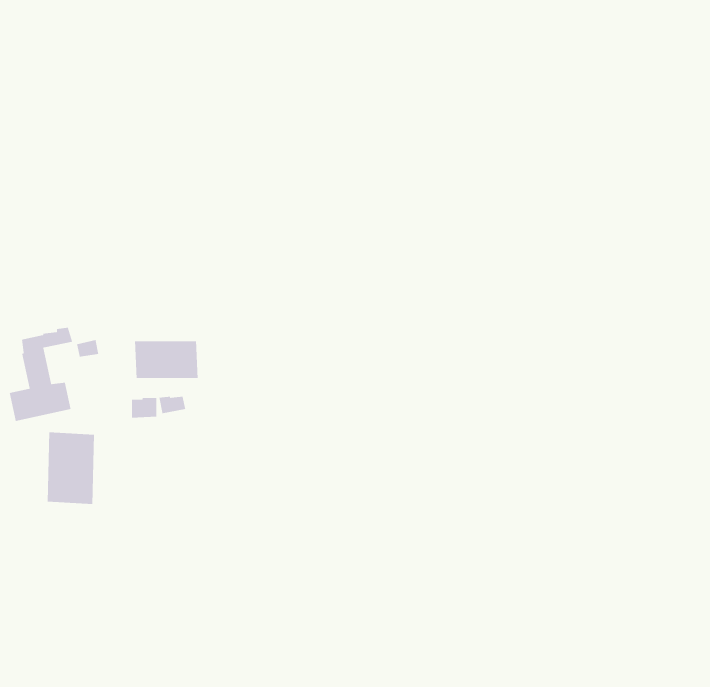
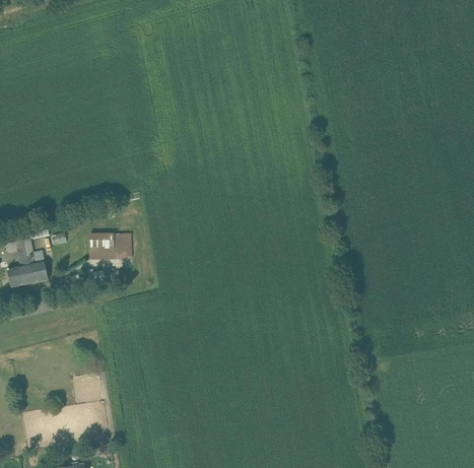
building: [47,432,95,505] -> none

